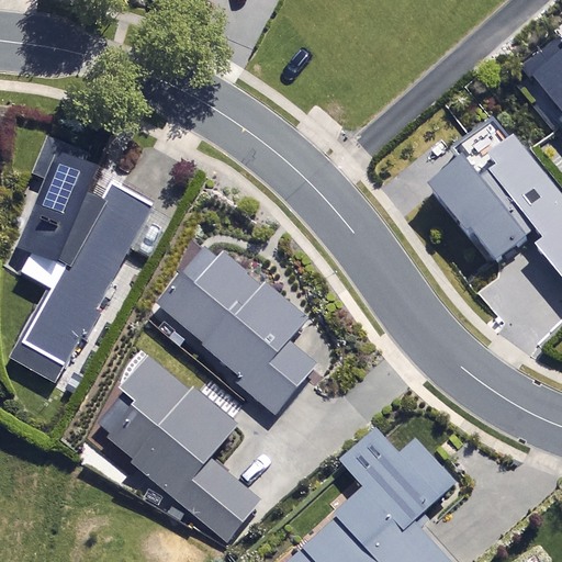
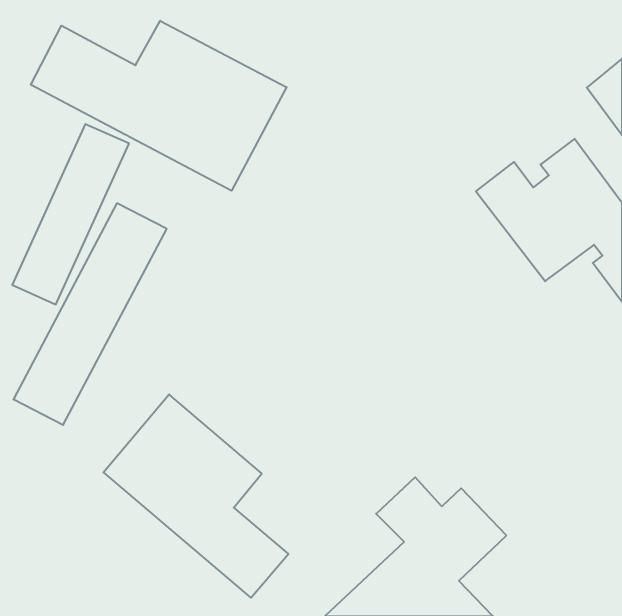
building: none -> [31,21,287,191]
building: [154,238,316,414] -> none

